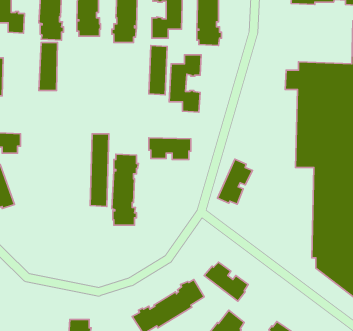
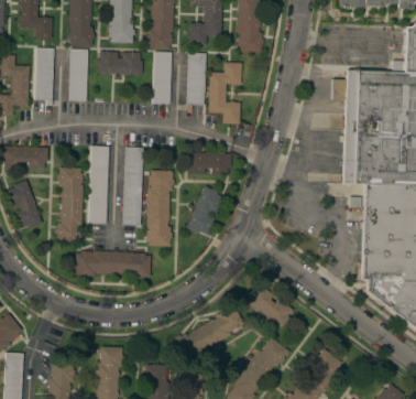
building: none -> [34,48,53,106]
building: none -> [96,52,142,75]
building: none -> [152,52,171,105]
building: none -> [88,145,108,225]
building: none -> [55,168,83,244]
building: [218,159,252,204] -> [186,186,223,235]
building: none -> [74,251,150,279]

